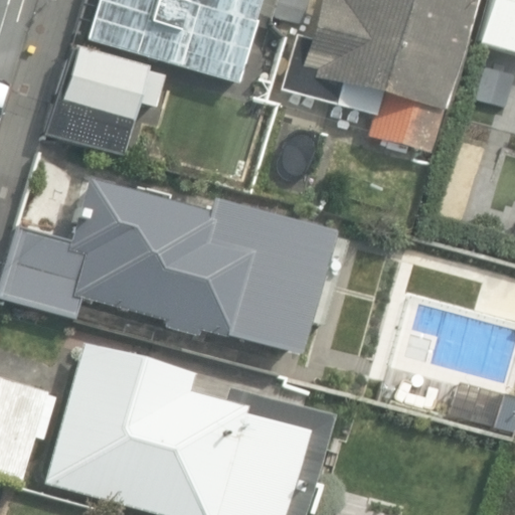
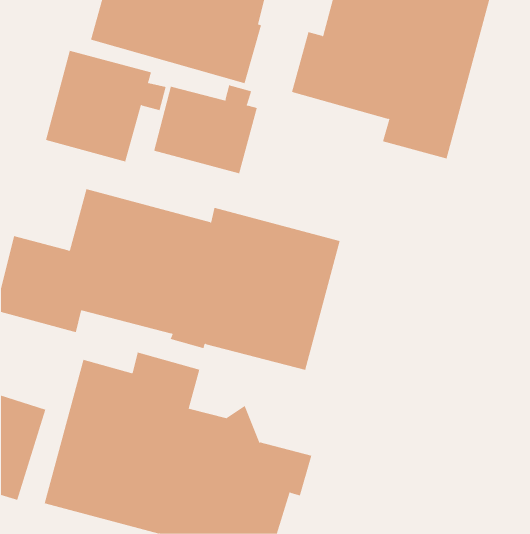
building: none -> [154,85,258,174]

